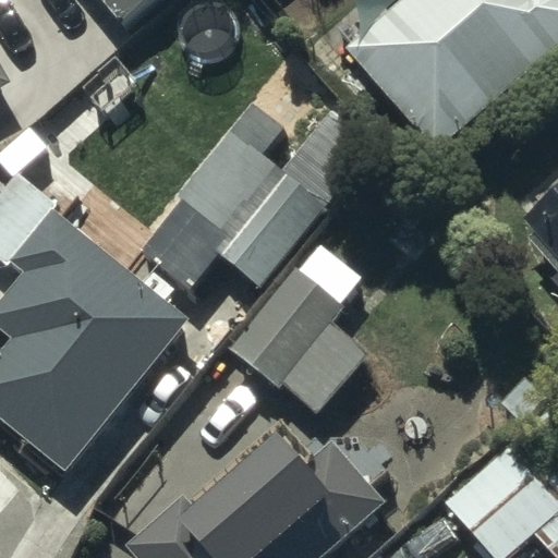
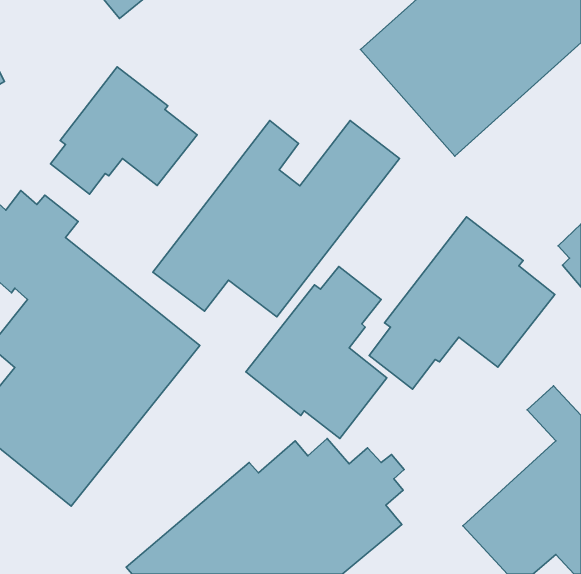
building: none -> [51,67,197,194]
building: none -> [369,217,555,389]

